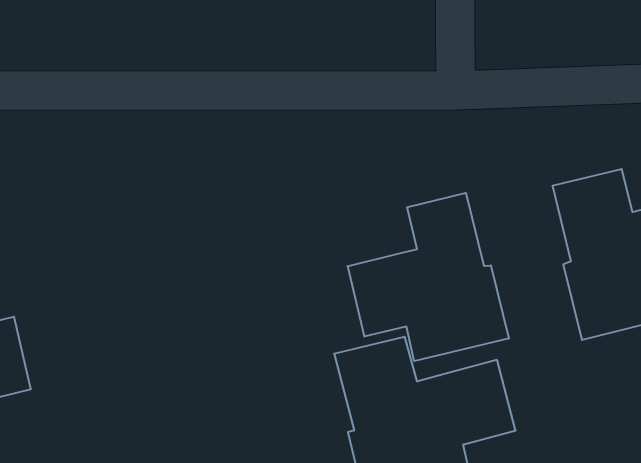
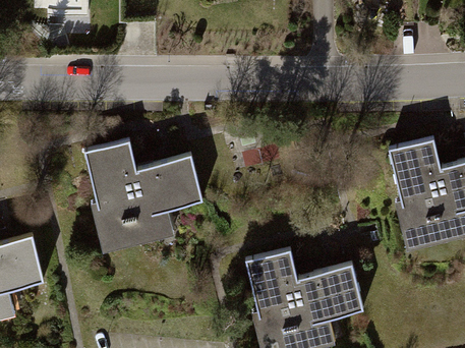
building: none -> [82,137,201,248]
building: [348,193,509,361] -> none

